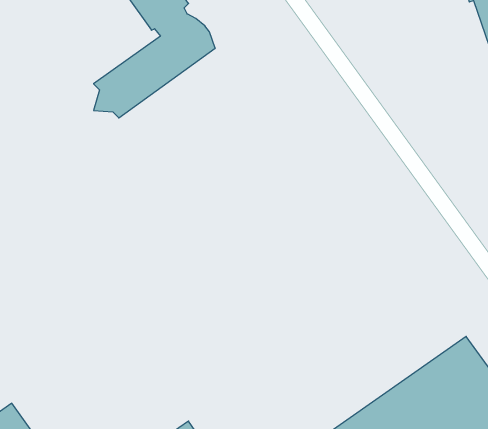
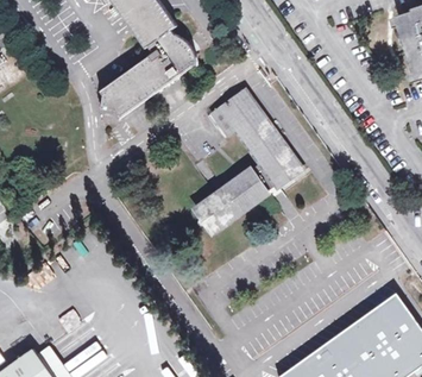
building: none -> [195,90,301,234]

